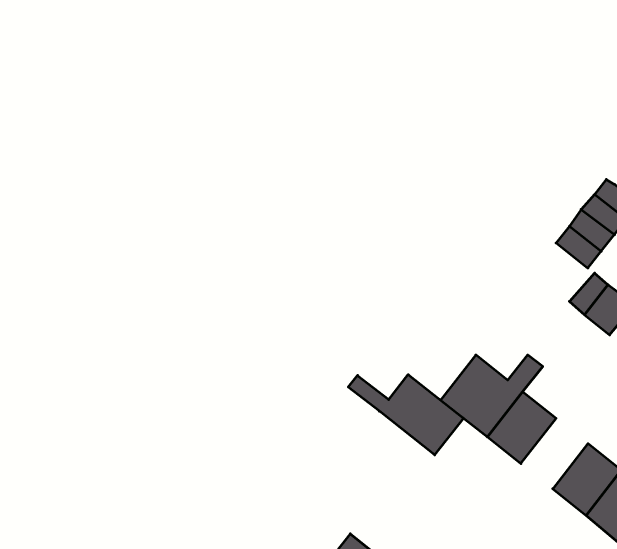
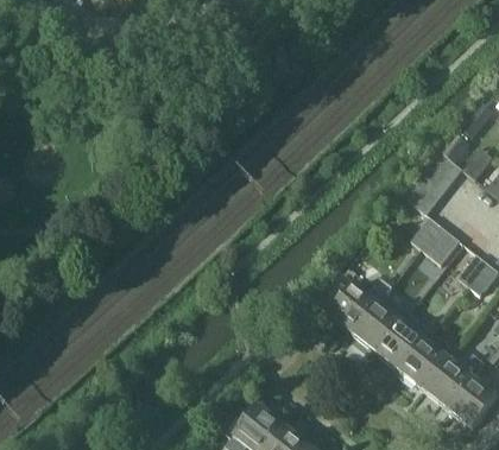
building: [348,375,463,455] -> none
building: none -> [379,323,427,373]

